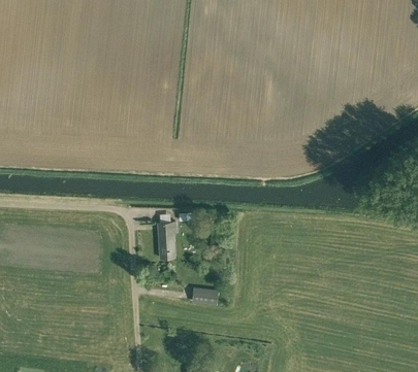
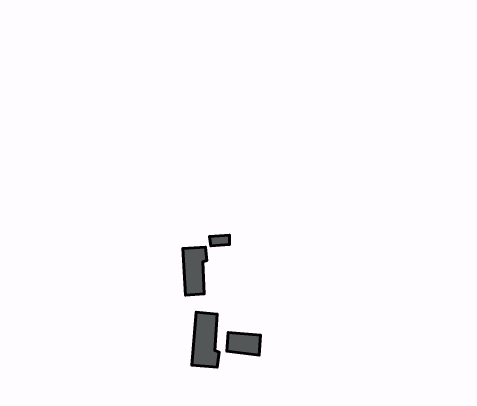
building: none -> [192,312,219,367]

